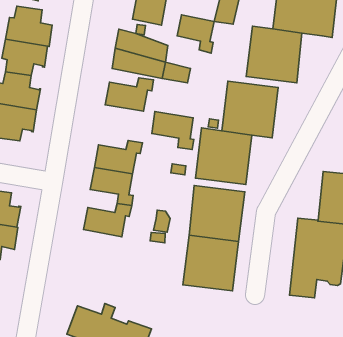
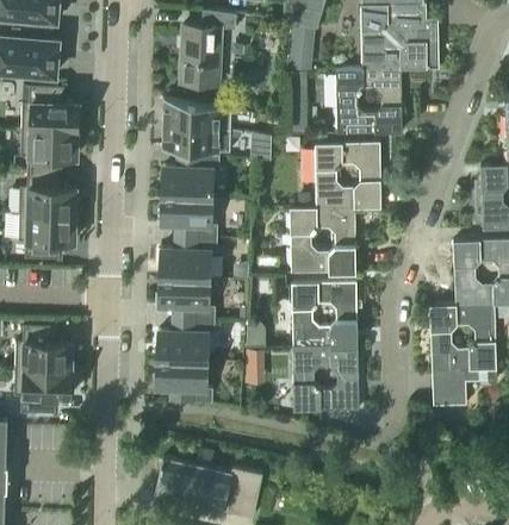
building: [177,15,214,53] -> none
building: [152,112,194,150] -> [161,198,216,239]
building: none -> [155,361,211,404]

